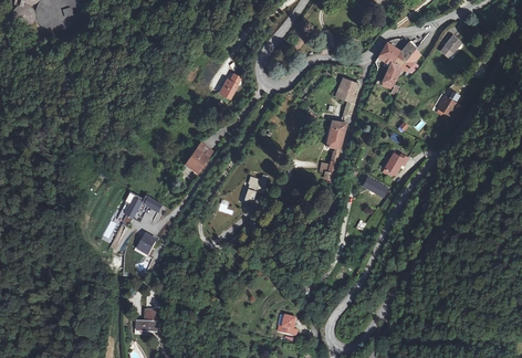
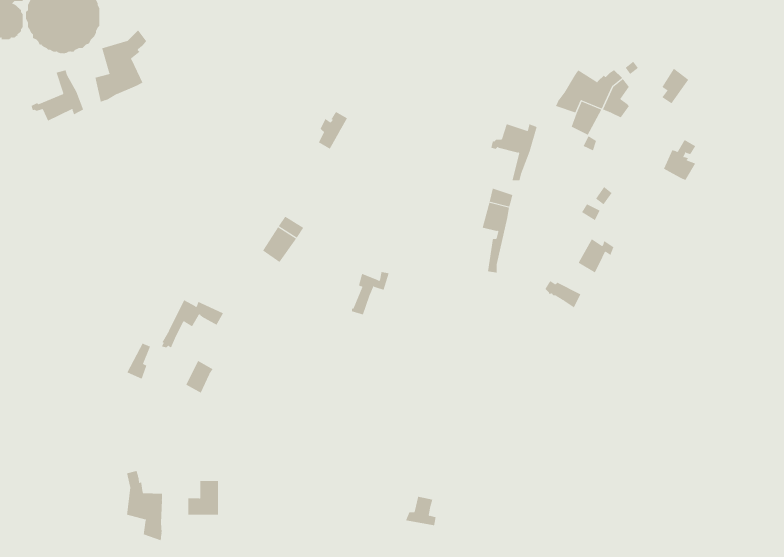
building: none -> [95,30,147,102]
building: none -> [31,70,84,122]
building: none -> [126,470,162,541]

